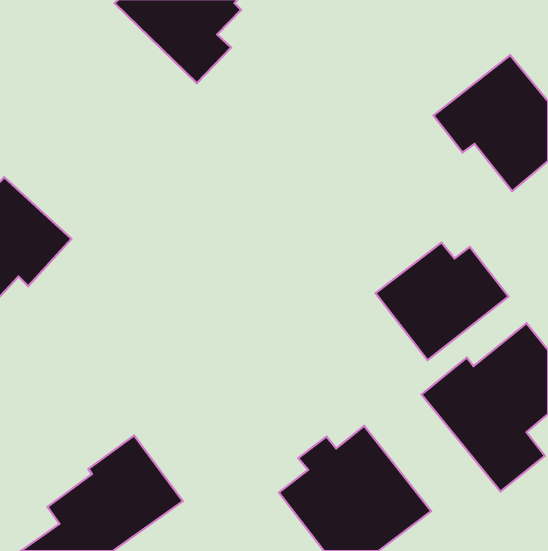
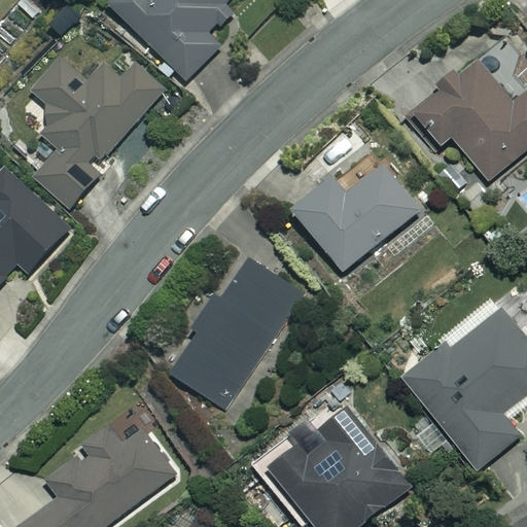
building: none -> [28,54,161,207]
building: [376,242,509,360] -> [293,159,420,271]
building: none -> [167,257,300,408]

